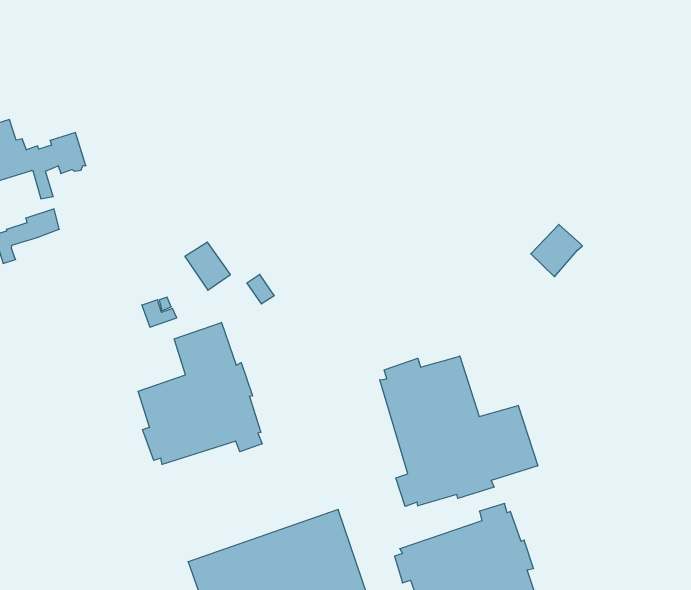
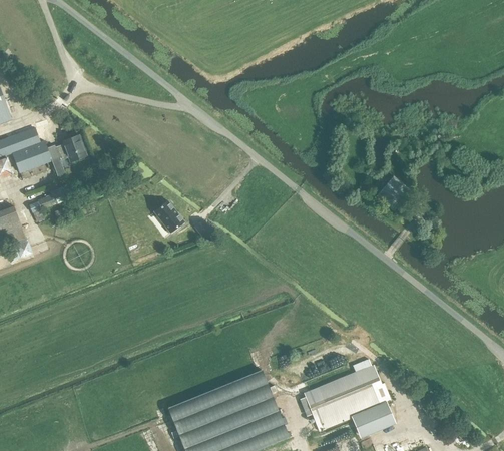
building: [138,322,262,465] -> none
building: [380,356,538,506] -> none

